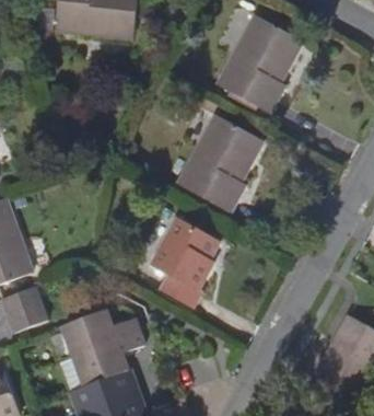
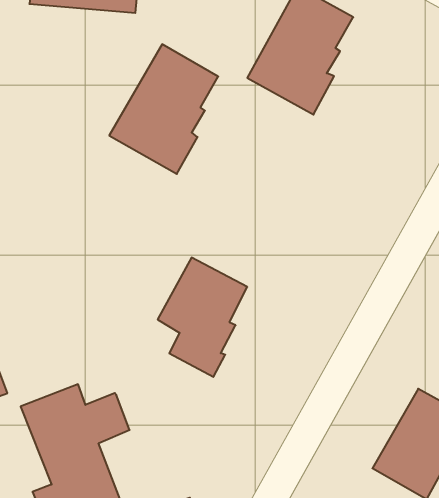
building: [180,117,261,213] -> [109,44,218,174]

